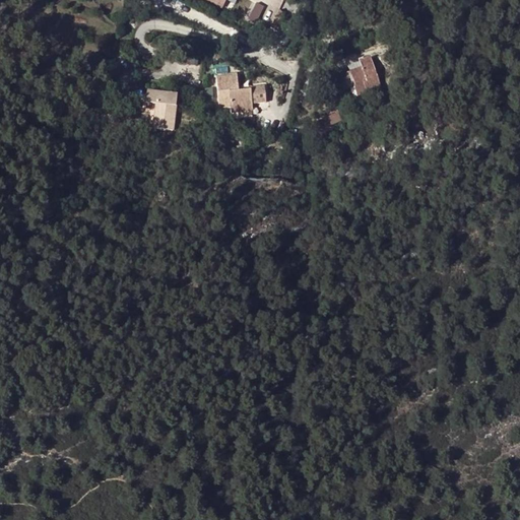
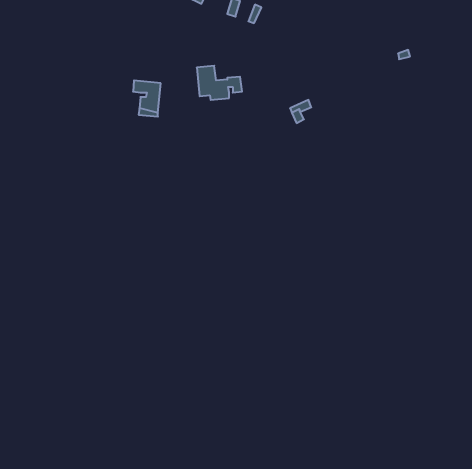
building: [338,57,380,94] -> none

